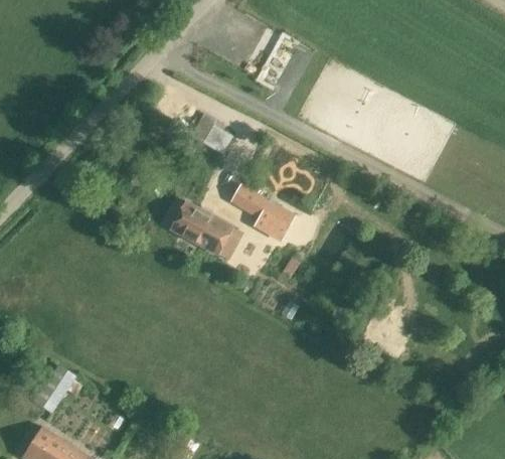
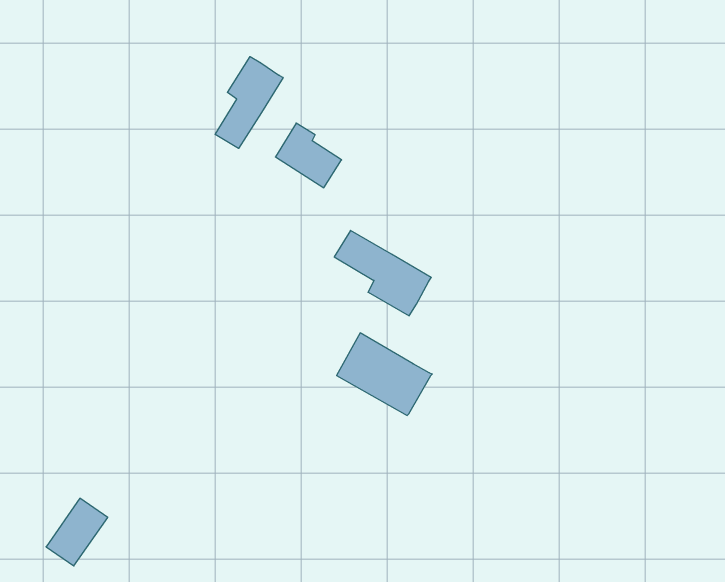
building: none -> [215,57,283,148]
building: [169,199,234,256] -> [337,333,432,415]

